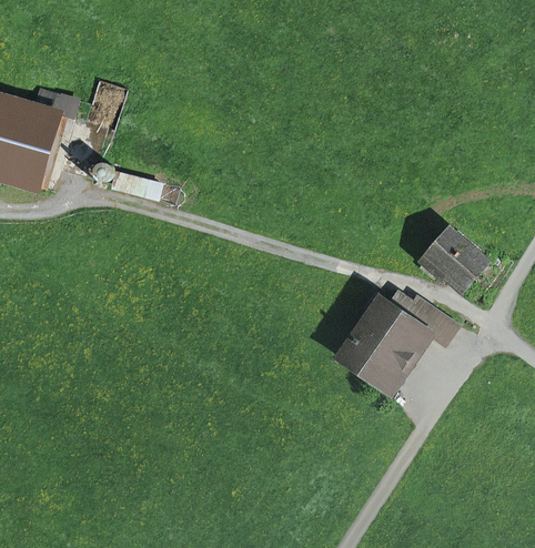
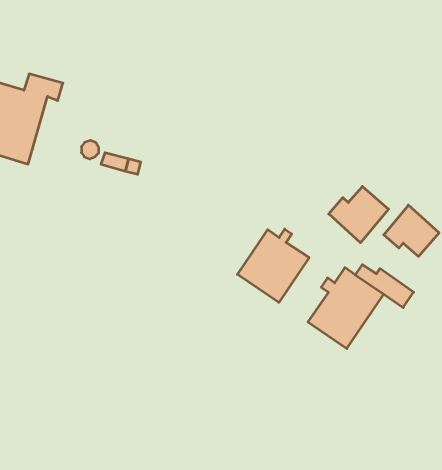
building: none -> [329,186,389,243]
building: none -> [237,229,309,302]

